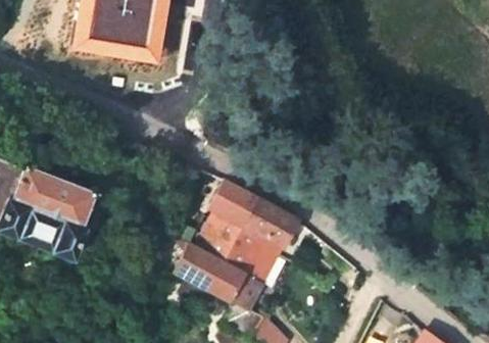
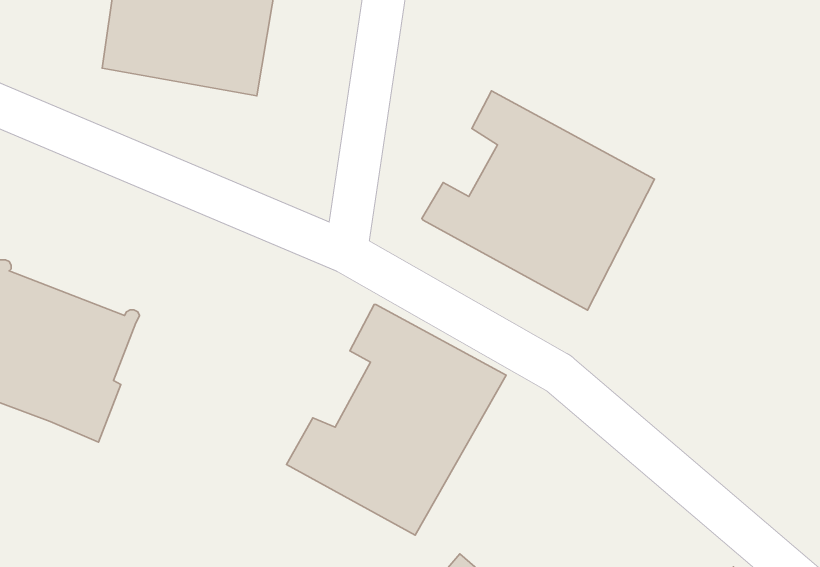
building: none -> [422,91,654,310]

